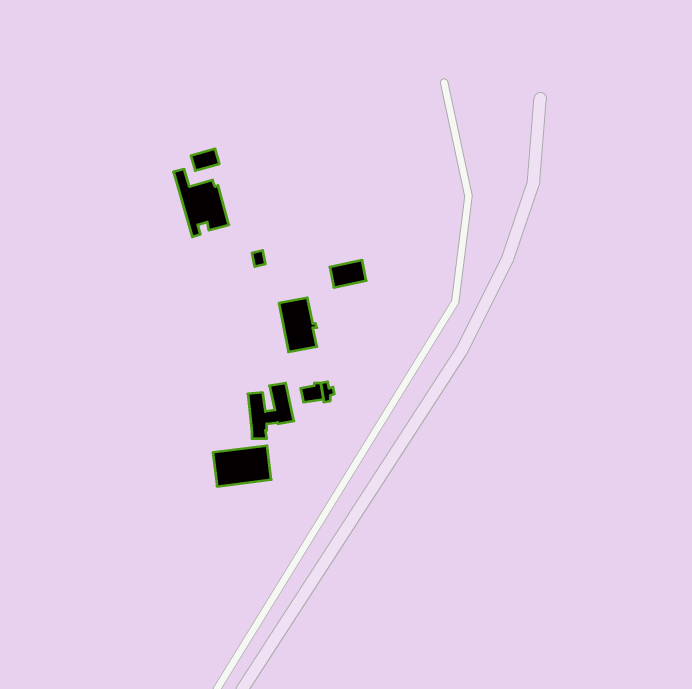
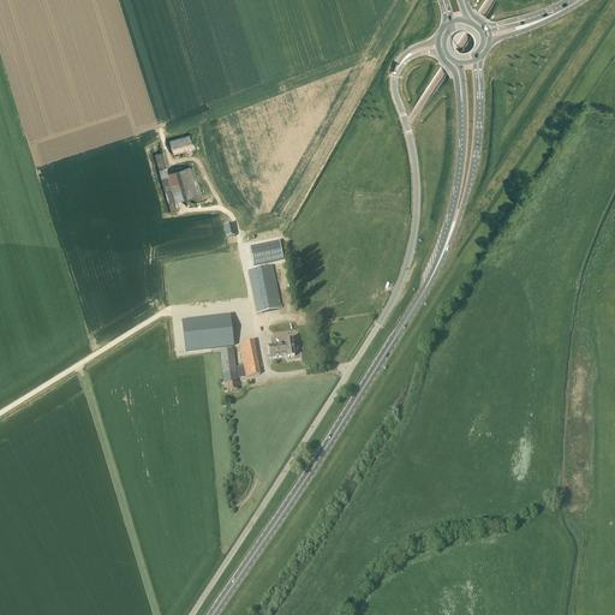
building: [330,260,366,287] -> [250,239,282,263]
building: [213,446,271,486] -> [181,315,233,351]

